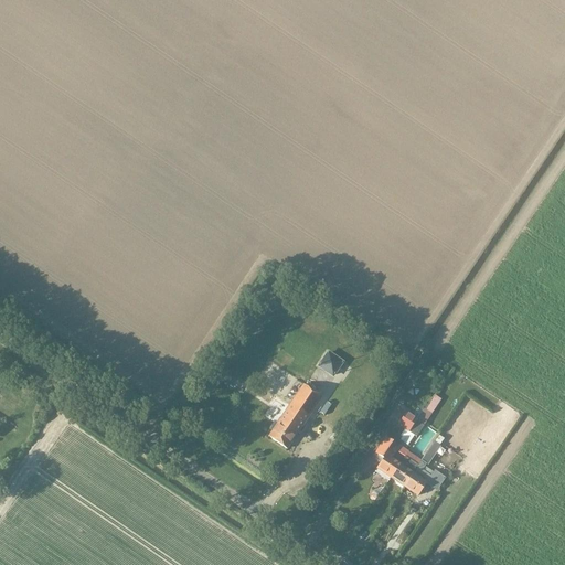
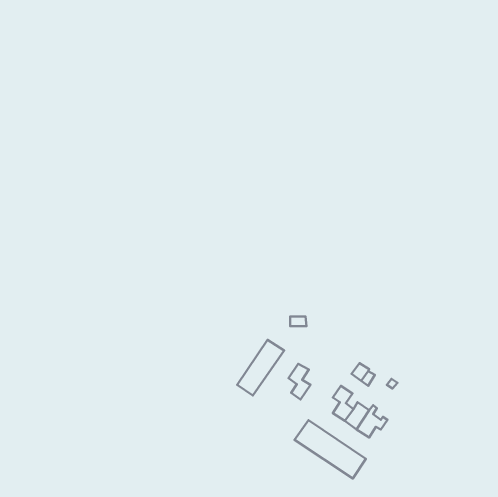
building: none -> [288,364,310,399]
building: none -> [294,420,366,478]

